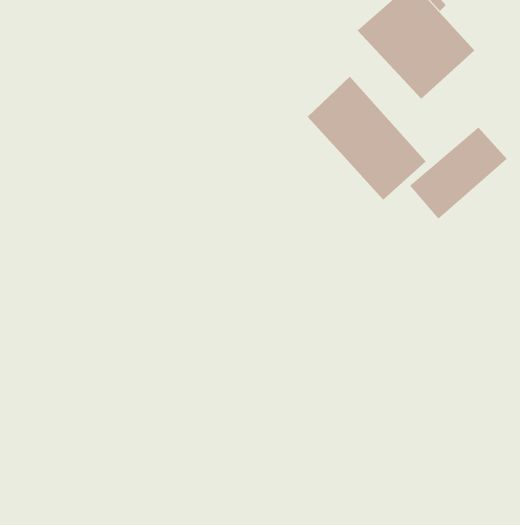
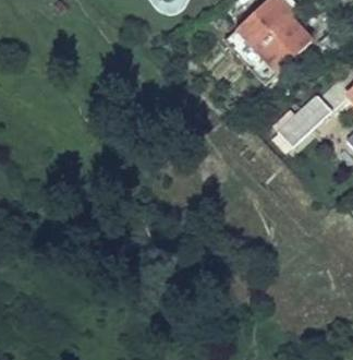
building: [307,76,426,201] -> none

